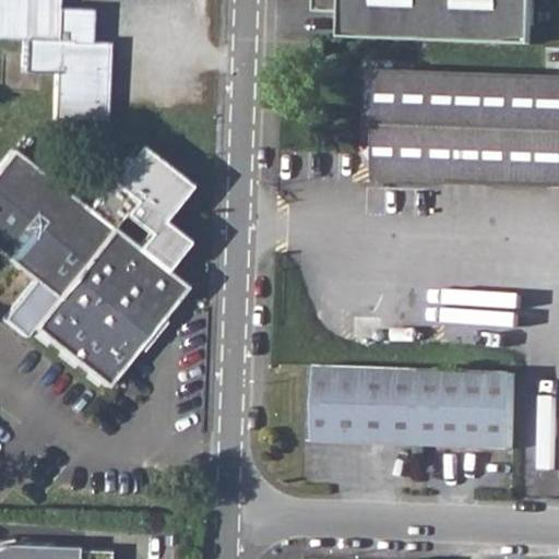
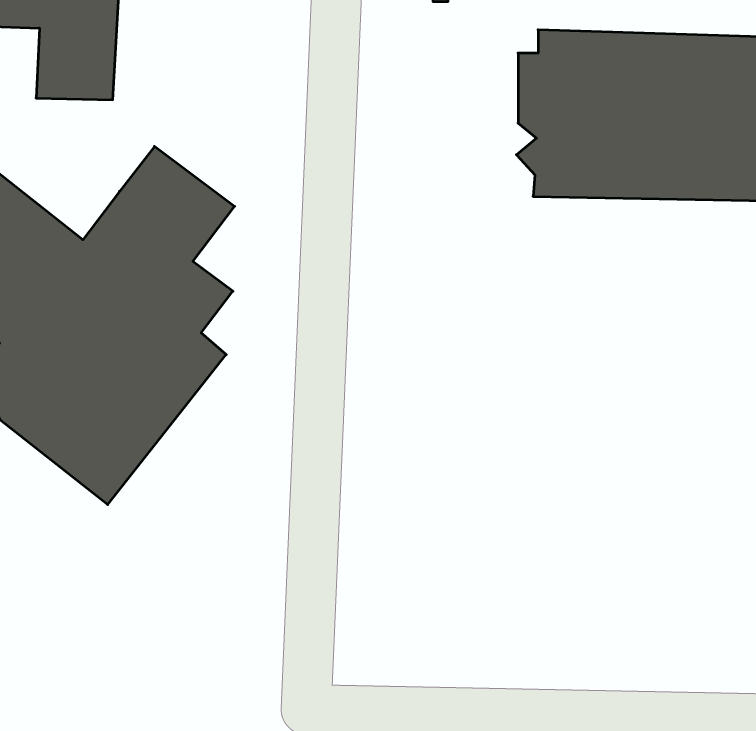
building: [316,365,516,448] -> none

